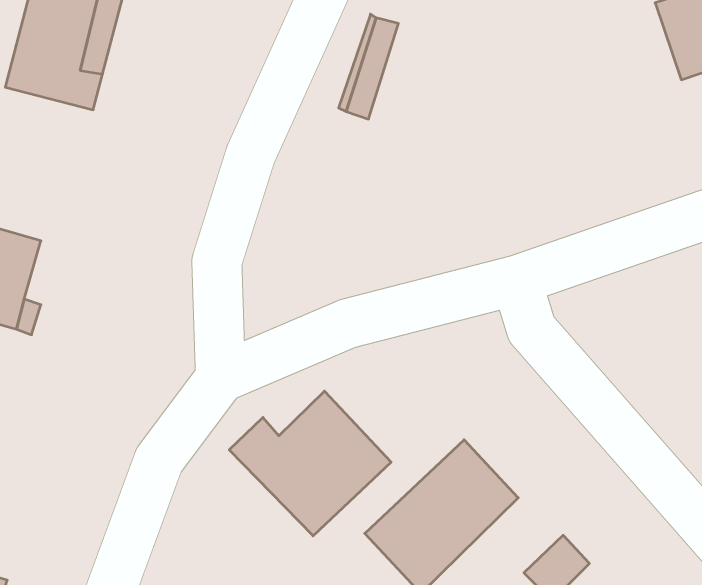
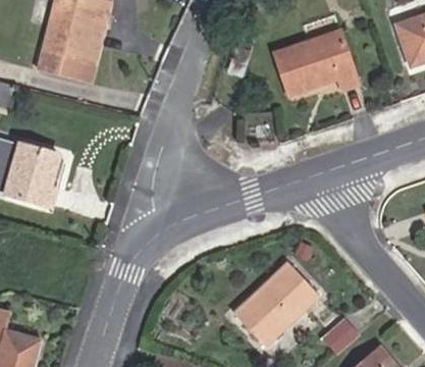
building: none -> [273,31,356,95]
building: [229,391,391,536] -> none

